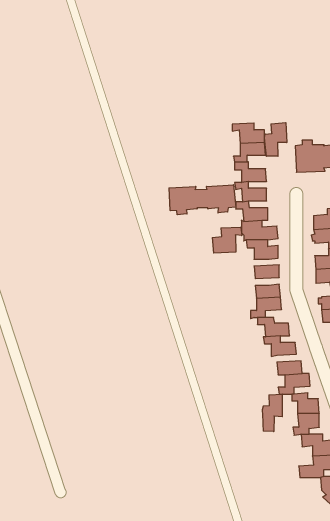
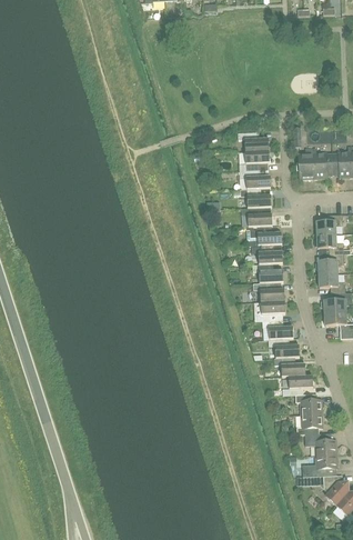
building: [264,123,287,156] -> none
building: [169,185,236,215] -> none
building: [212,227,242,253] -> none
building: [262,394,282,432] -> none

